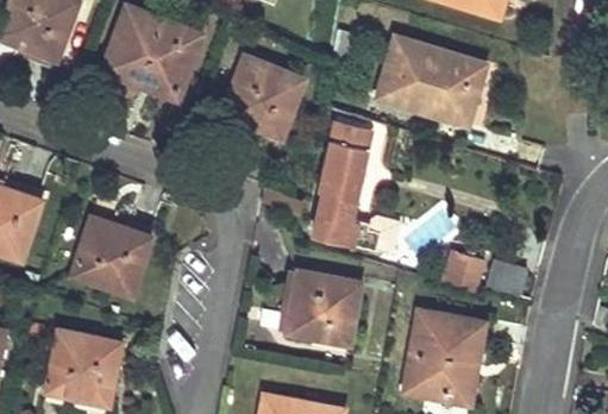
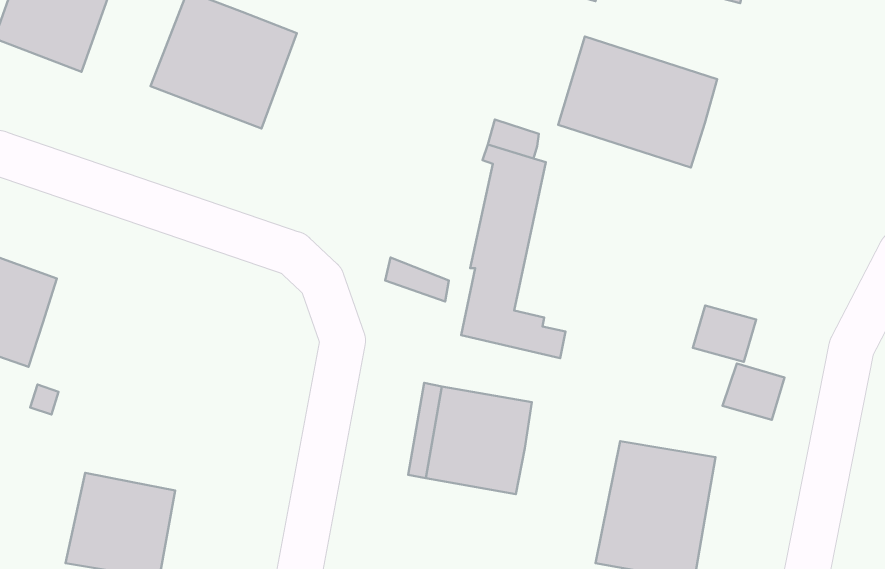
building: [224,56,305,137] -> none
building: [74,217,152,296] -> none
building: [443,252,485,290] -> [693,305,756,362]

